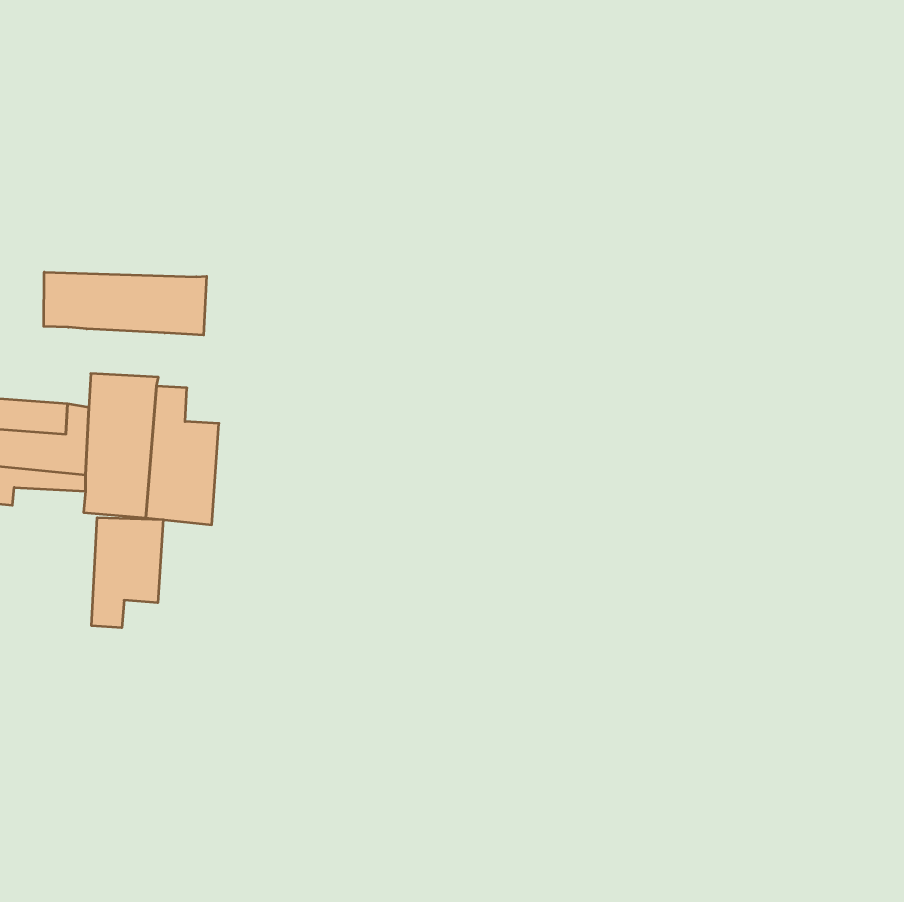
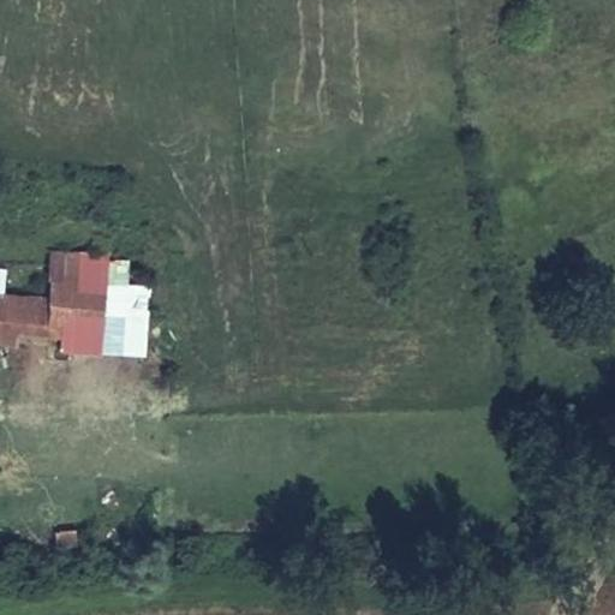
building: [44,272,207,335] -> none
building: [92,518,163,628] -> none

